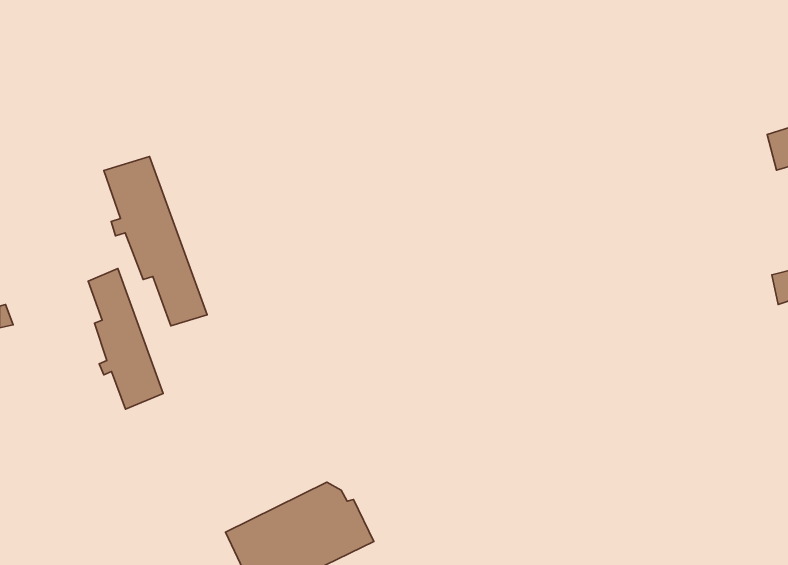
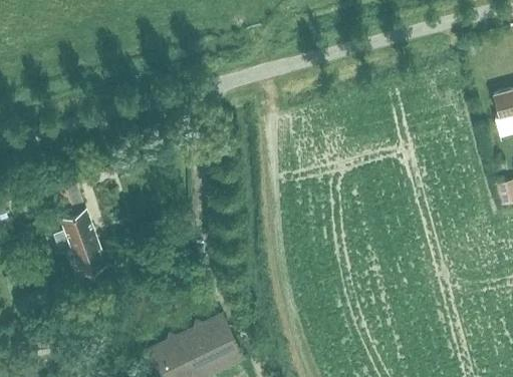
building: [104,157,207,326] -> none

